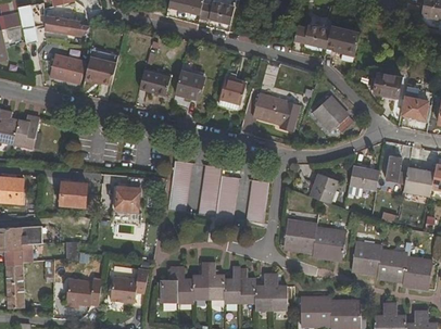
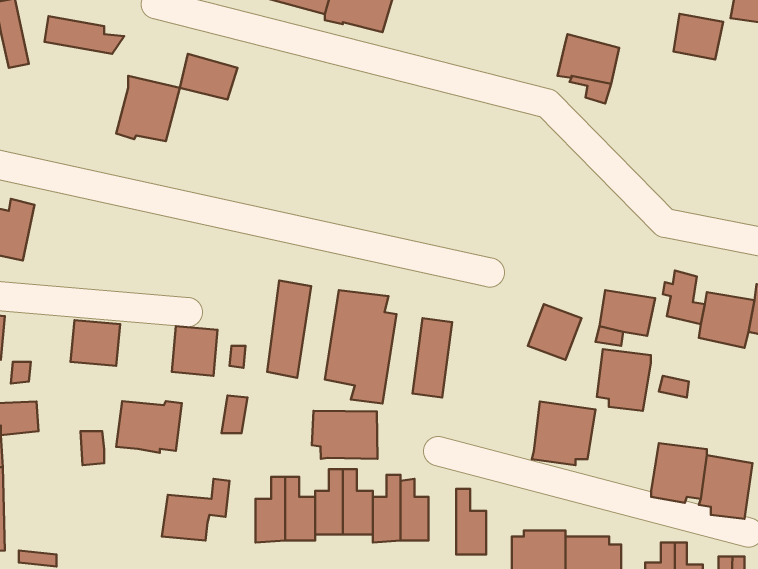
building: [293,24,329,48] -> none
building: [48,54,85,84] -> none
building: [139,69,171,94] -> [180,54,237,100]
building: [174,69,205,100] -> none
building: [374,72,401,97] -> [673,14,723,59]
building: [218,76,245,104] -> none
building: [252,92,299,131] -> none
building: [312,96,353,132] -> none
building: [402,96,428,118] -> none
building: [282,218,316,253] -> none
building: none -> [312,411,377,459]
building: [351,241,380,275] -> [597,349,651,411]
building: [254,274,269,309] -> none
building: [65,279,101,307] -> [116,401,182,453]

